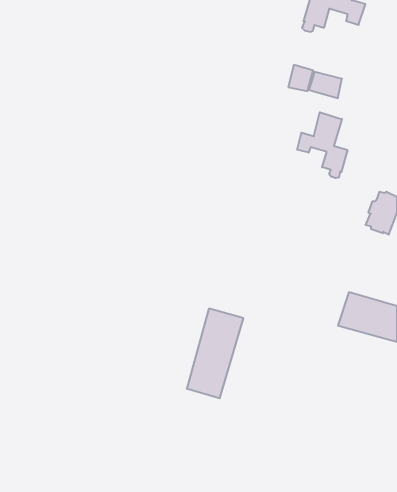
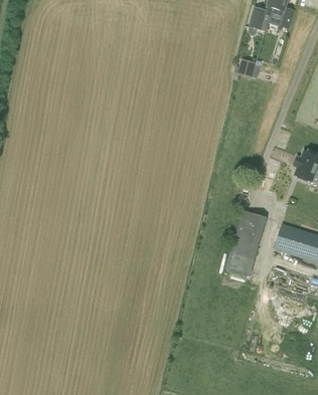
building: [297,112,347,178] -> none
building: [187,309,243,398] -> [225,210,267,275]

